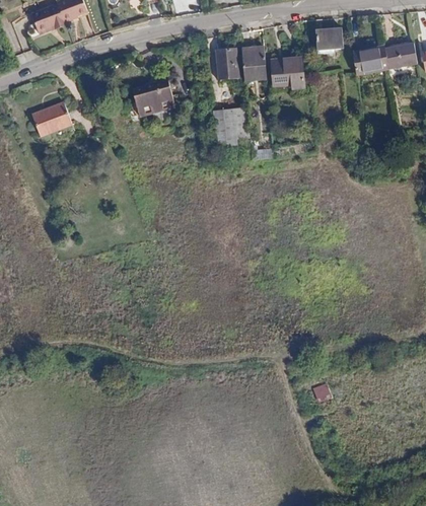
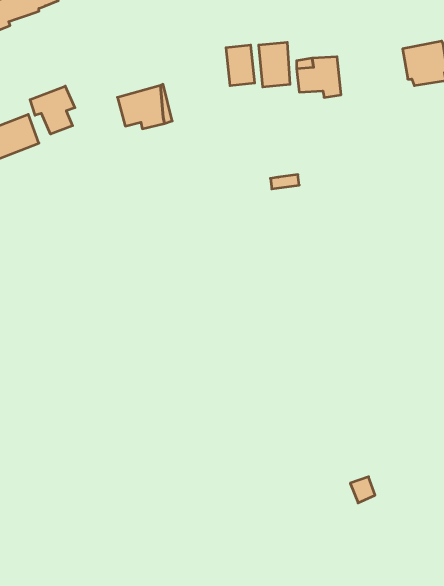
building: [315,26,343,53] -> none
building: none -> [30,86,75,134]
building: [212,106,250,146] -> none

